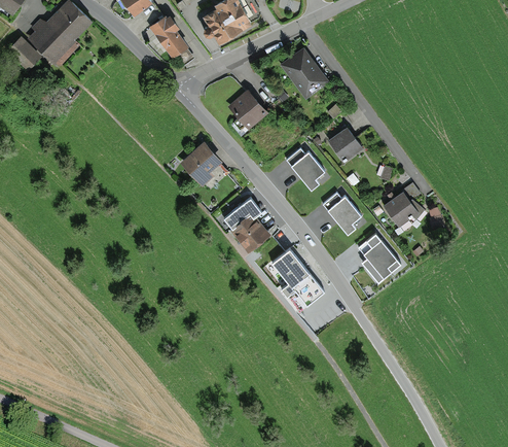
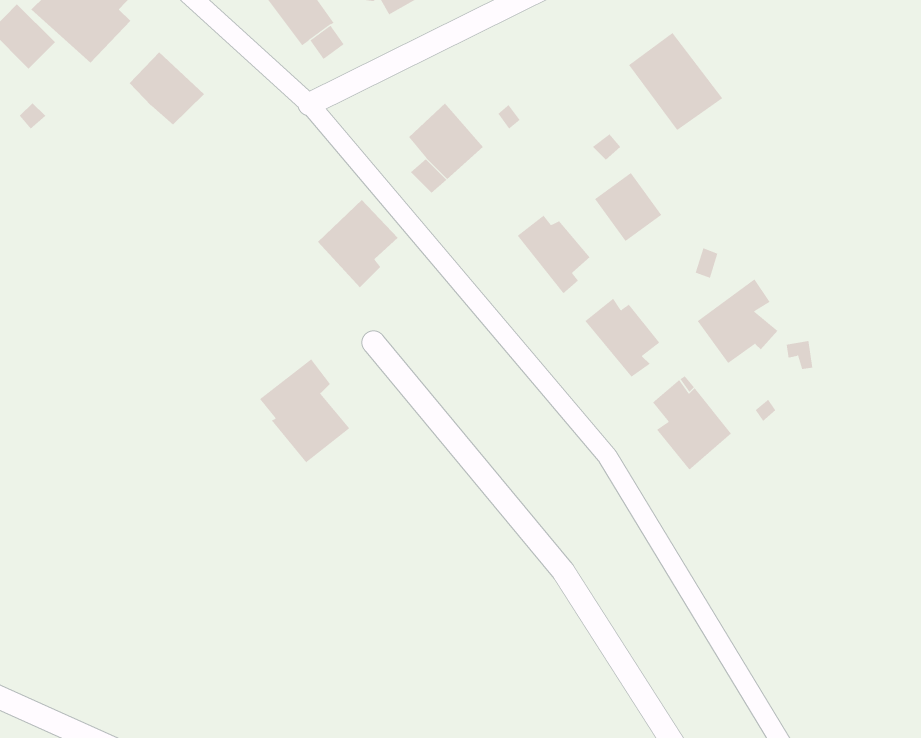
building: [280,47,330,100] -> [628,32,723,131]
building: none -> [129,52,205,126]
building: [223,198,271,253] -> [259,358,350,463]
building: [271,248,325,307] -> none

